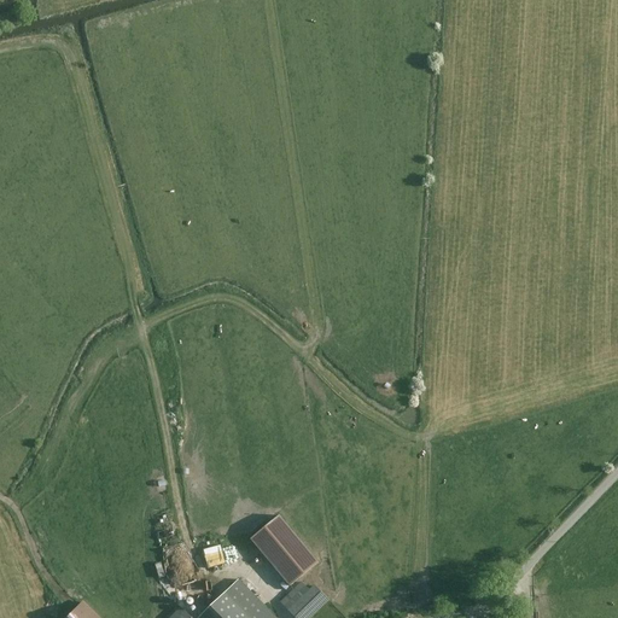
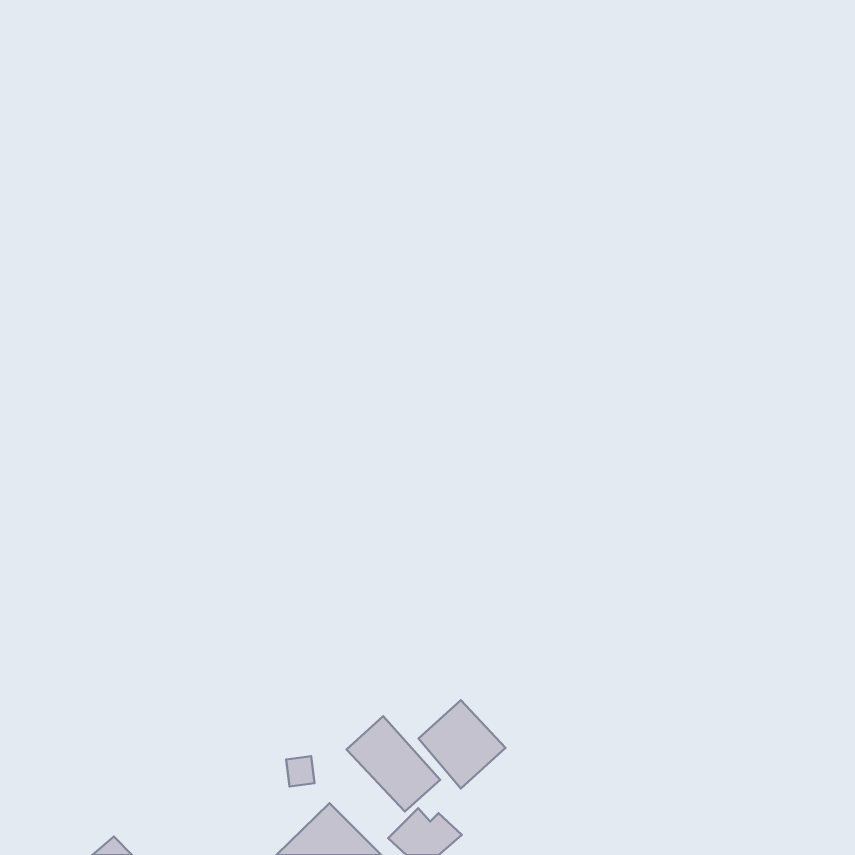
building: none -> [419,700,505,788]

